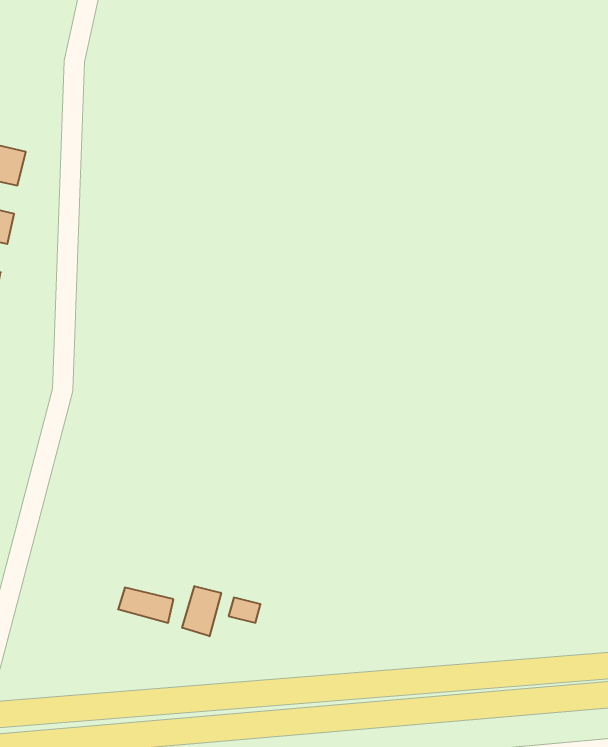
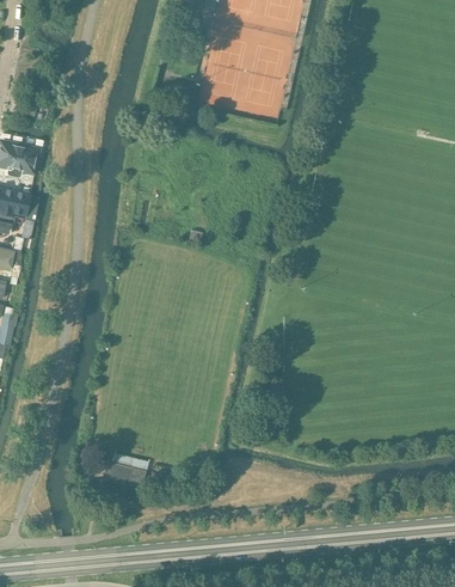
building: [182,586,221,636] -> none

